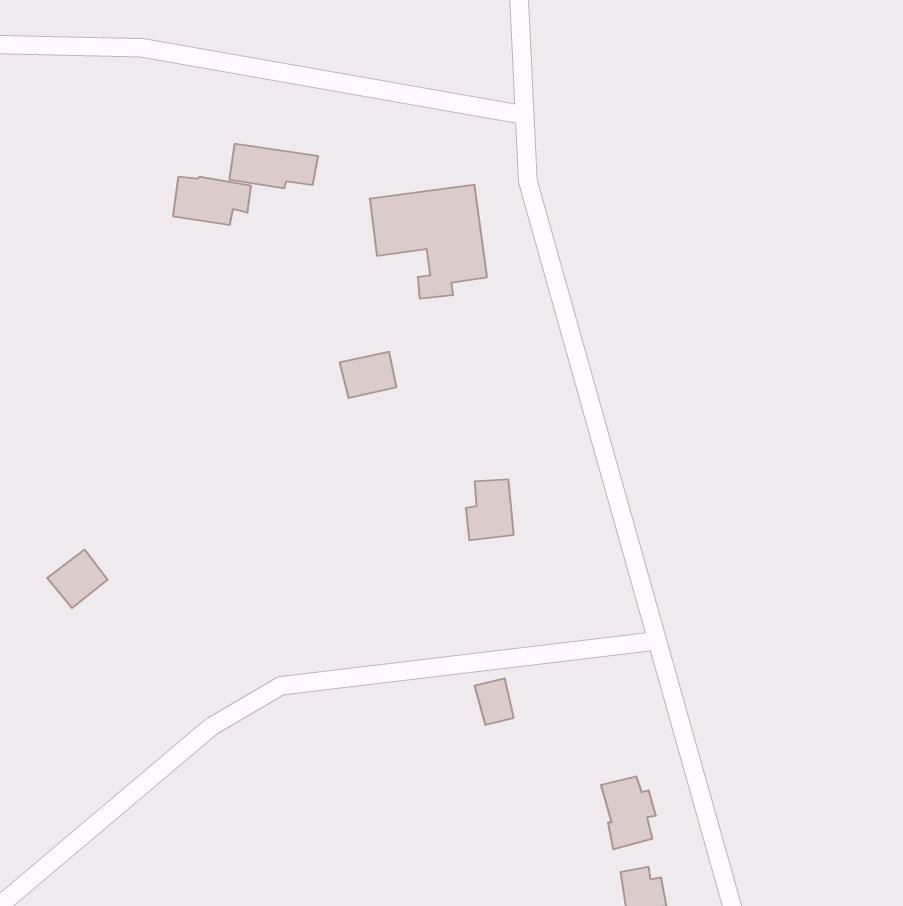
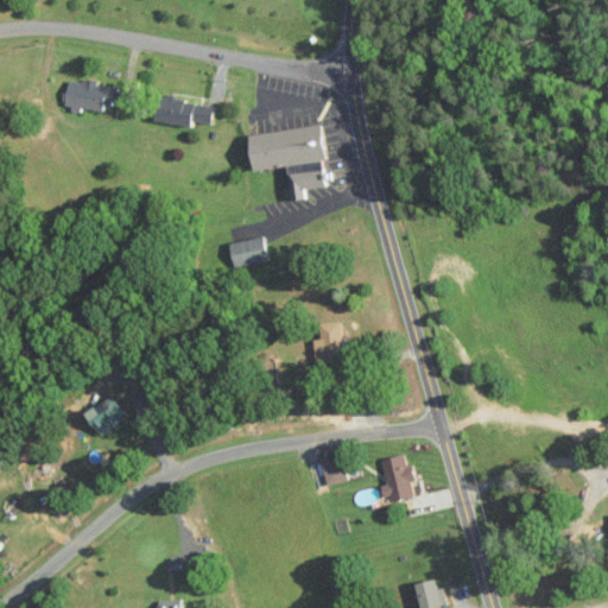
building: [173,177,251,225] -> [62,81,114,113]
building: [47,550,108,608] -> [86,397,126,436]
building: [601,776,656,849] -> [378,455,414,504]

